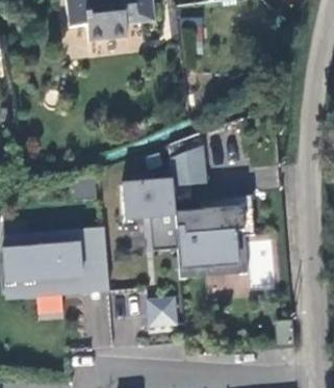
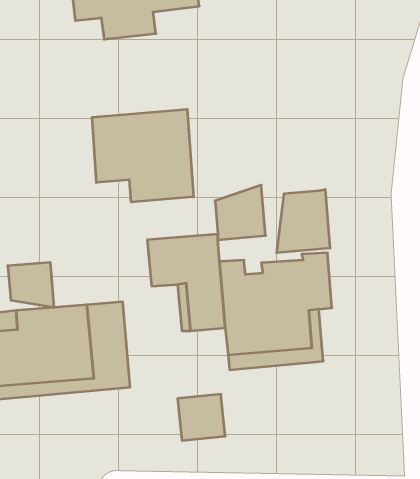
building: none -> [92,109,193,202]
building: none -> [277,189,330,253]
building: none -> [8,262,54,308]

